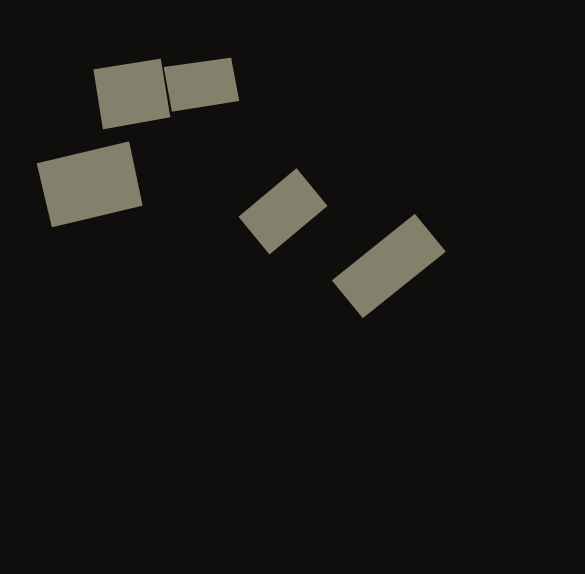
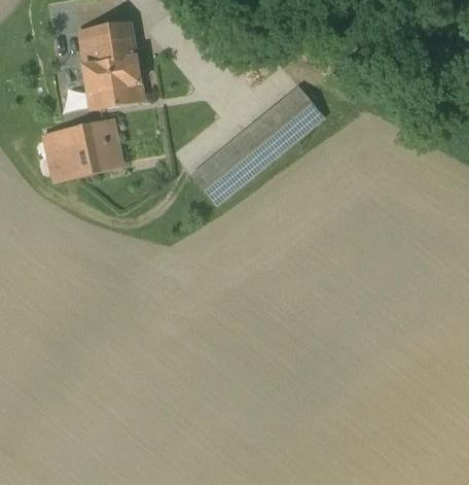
building: [163,57,240,112] -> [78,23,136,64]
building: [331,213,447,319] -> [237,86,323,166]

